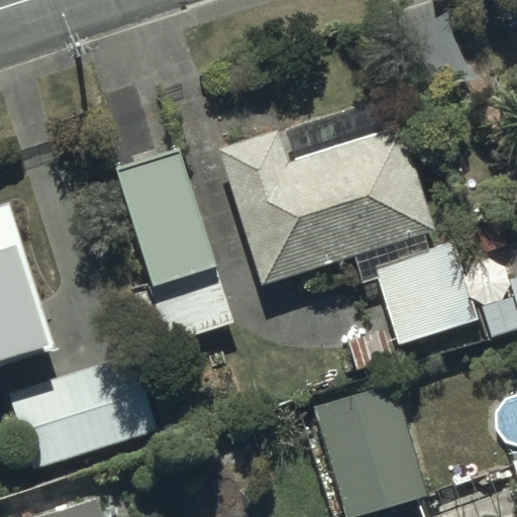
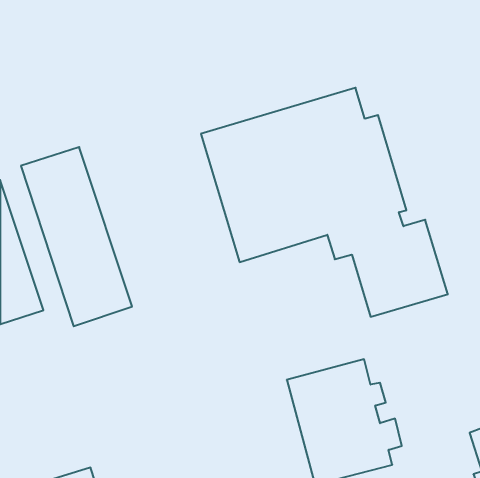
building: [116,147,235,339] -> [21,147,132,326]
building: [7,365,149,473] -> none

